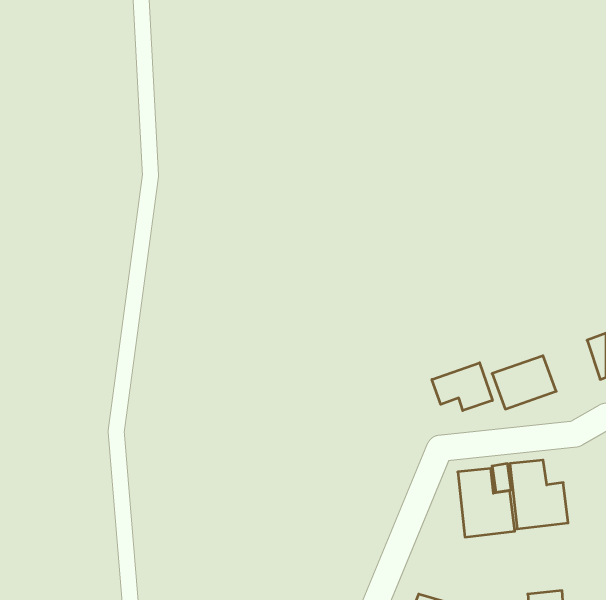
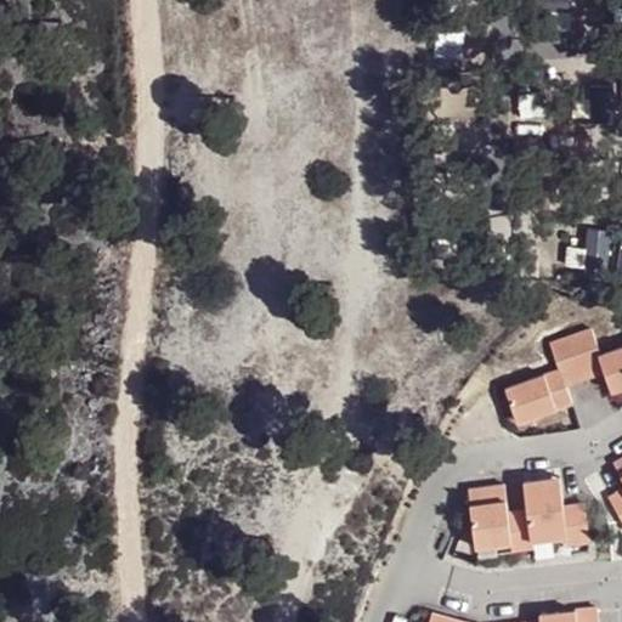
building: none -> [553,333,606,391]
building: [432,363,492,411] -> none

